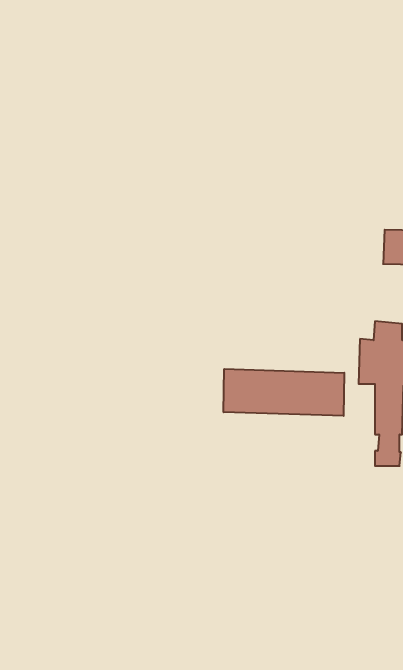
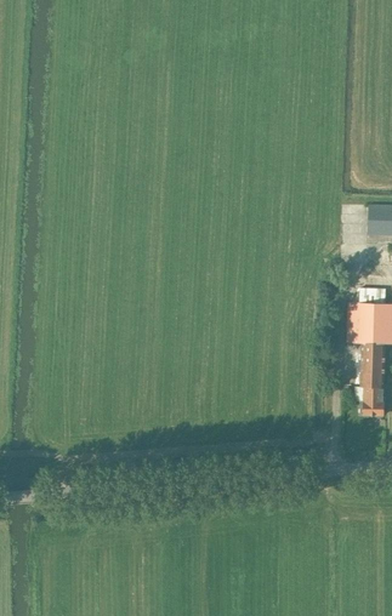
building: [224,369,344,416] -> none

